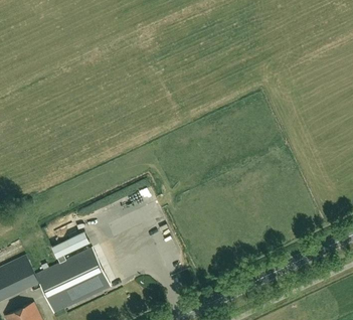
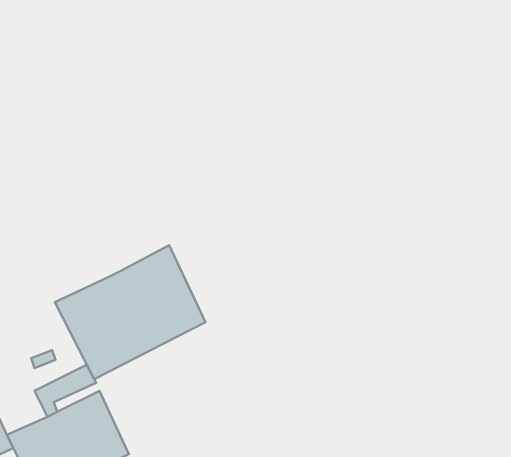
building: none -> [55,245,206,379]

